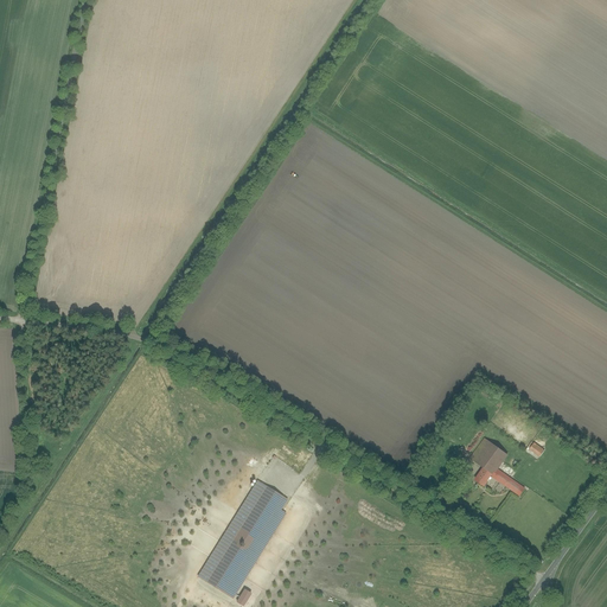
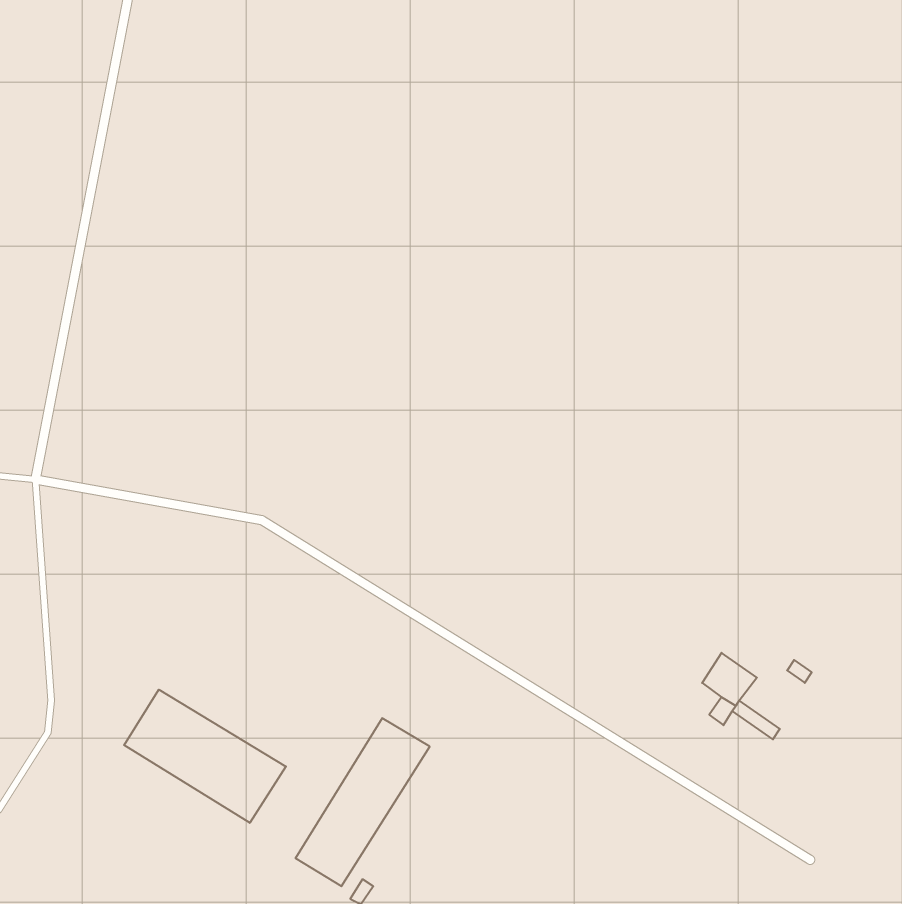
building: none -> [124,690,286,823]

